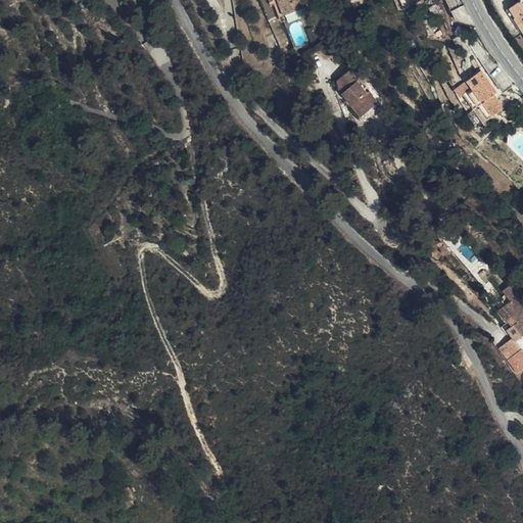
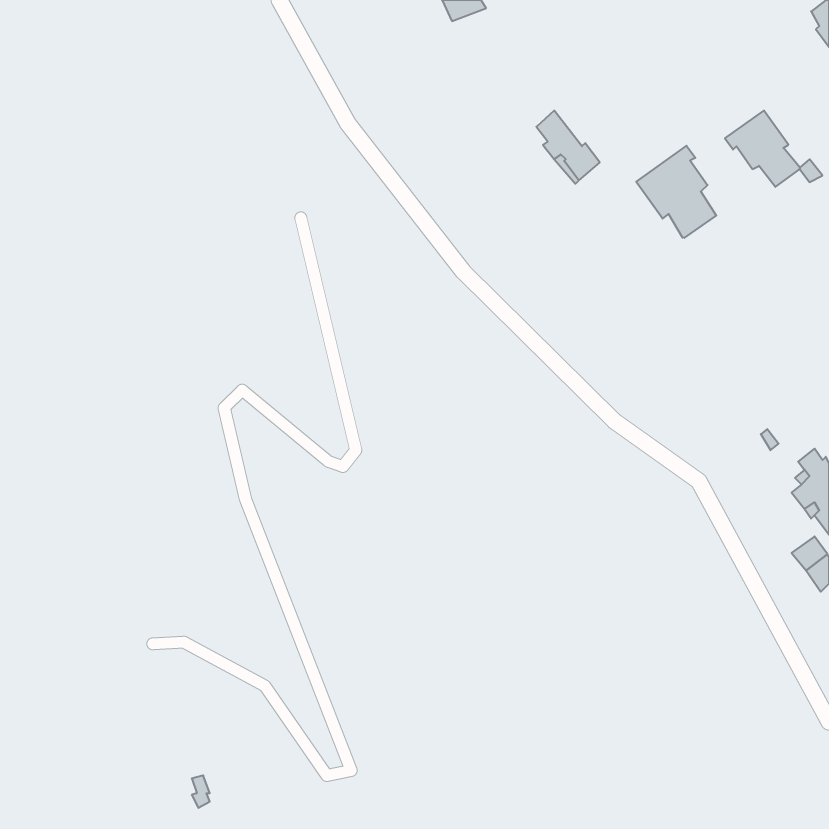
building: none -> [636,146,716,238]

